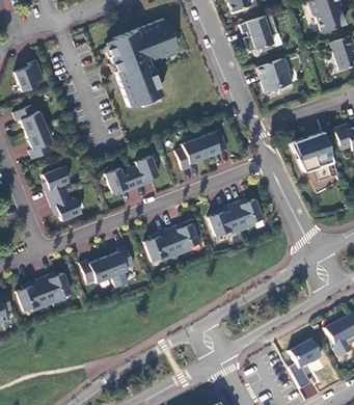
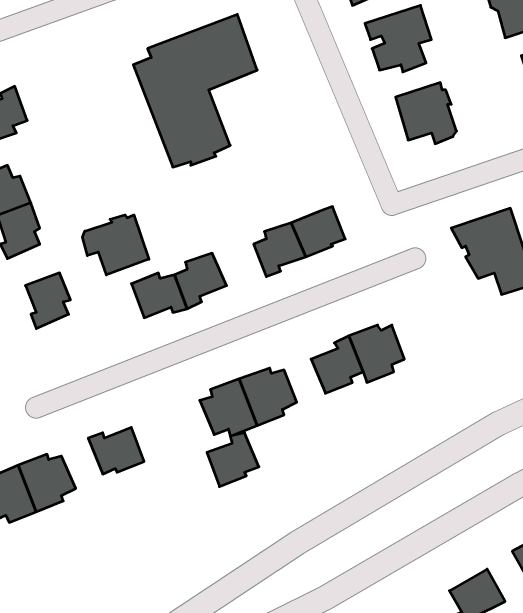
building: none -> [83,215,149,275]
building: [50,191,82,221] -> none
building: [105,245,135,276] -> [207,433,259,487]

